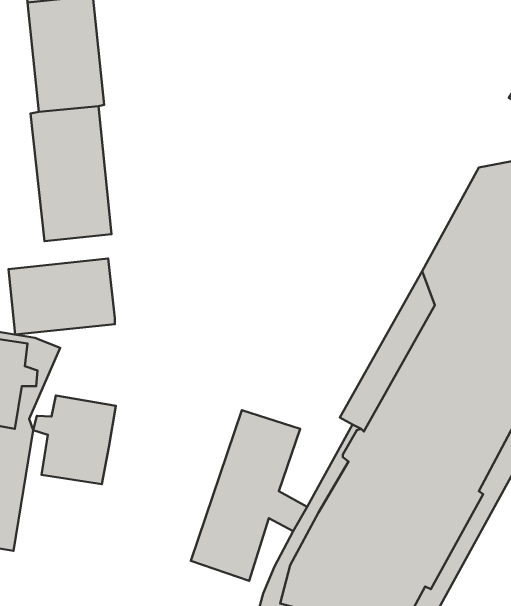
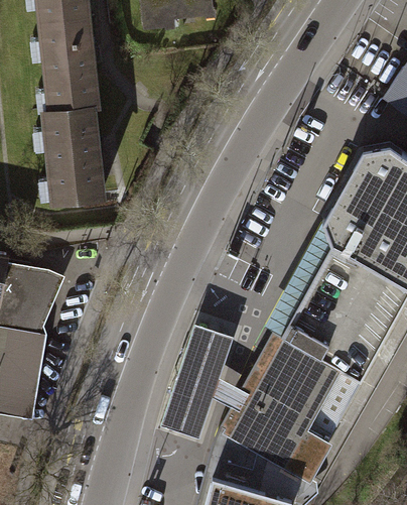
building: [8,259,115,335] -> none
building: [33,395,116,484] -> none

